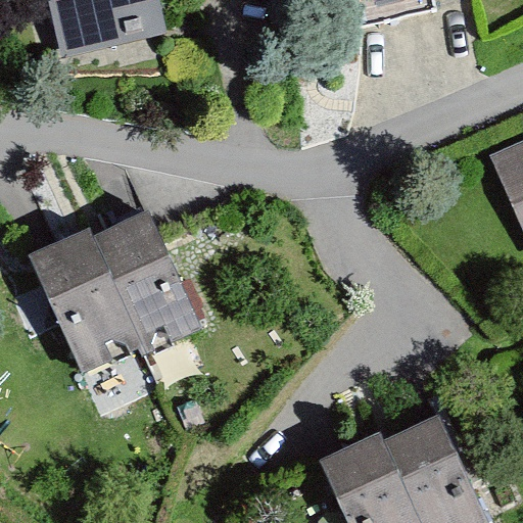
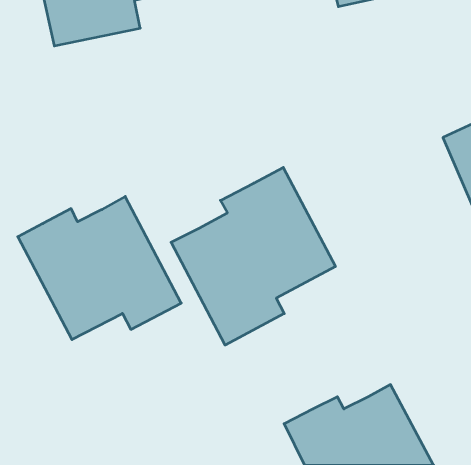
building: none -> [171,167,335,345]

